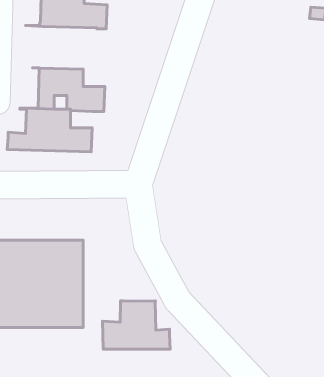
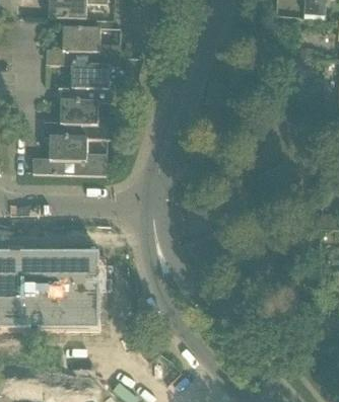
building: none -> [50,61,131,100]
building: [103,301,170,349] -> none

